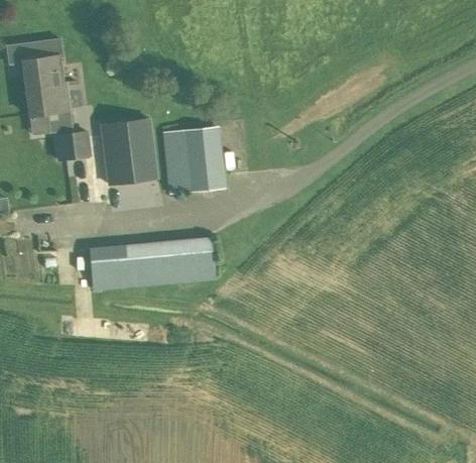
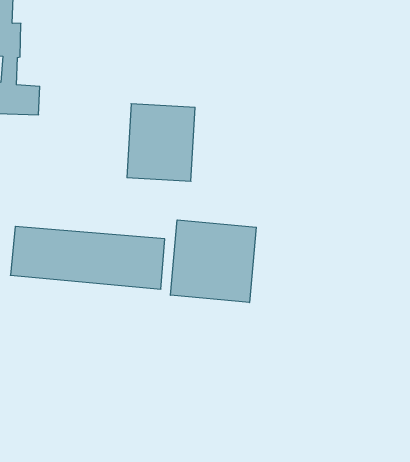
building: [102,118,158,185] -> none
building: none -> [170,220,256,303]

